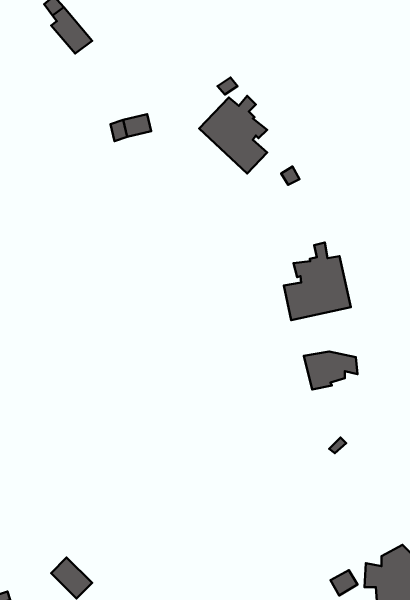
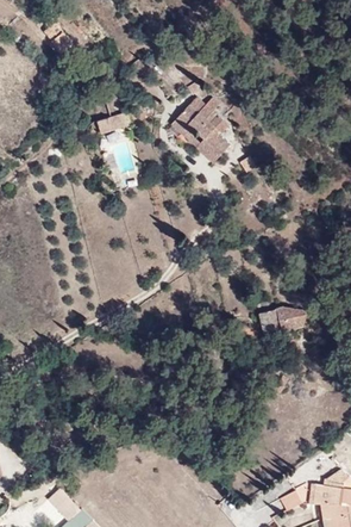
building: [284,242,351,320] -> none

